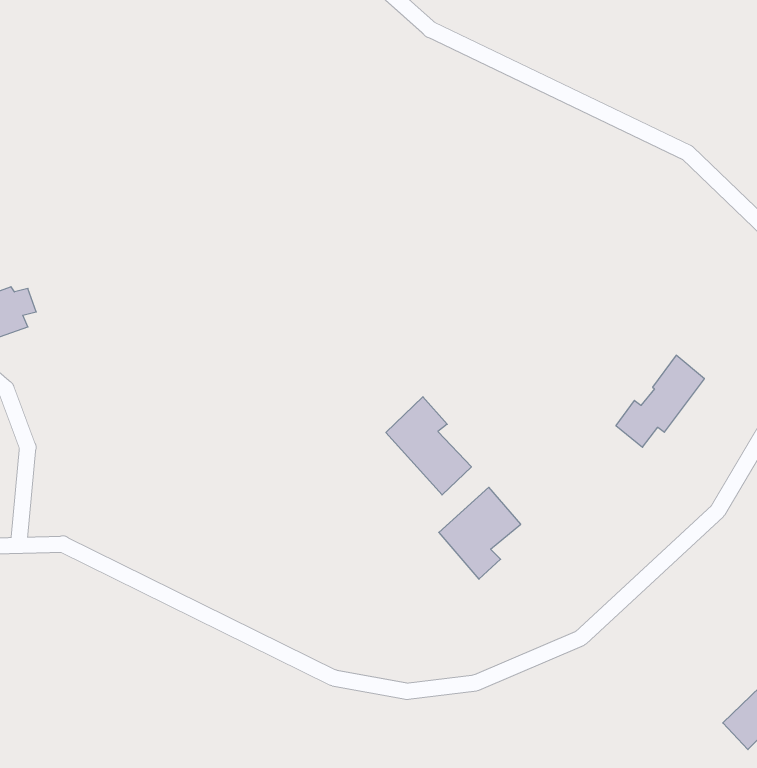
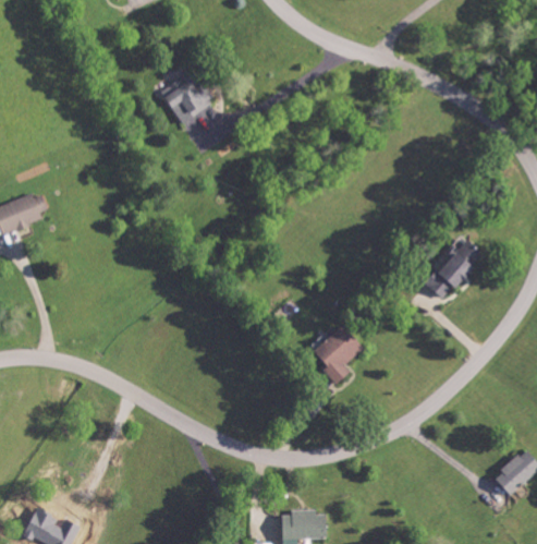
building: none -> [160,70,213,124]
building: [386,397,471,495] -> none

